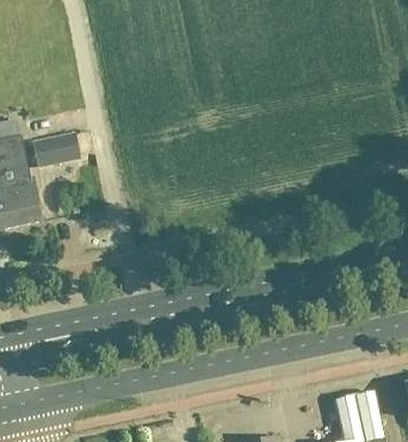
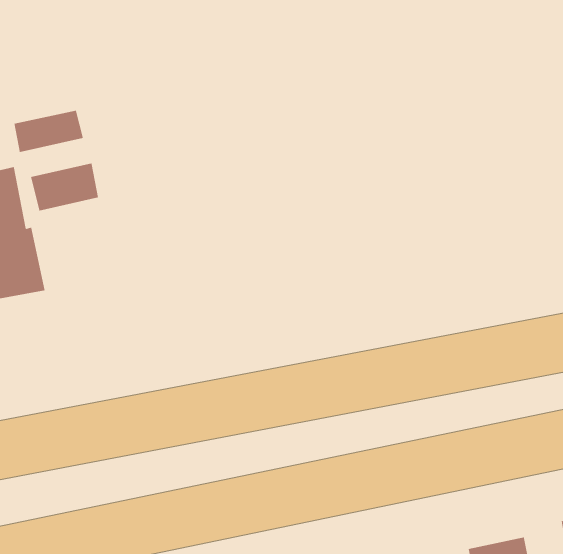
building: none -> [14,110,84,153]

